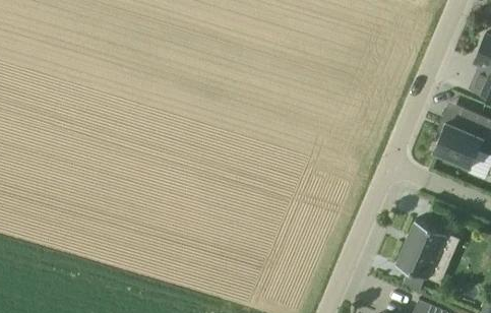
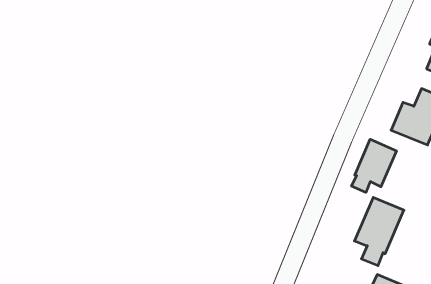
building: none -> [352,139,396,192]

